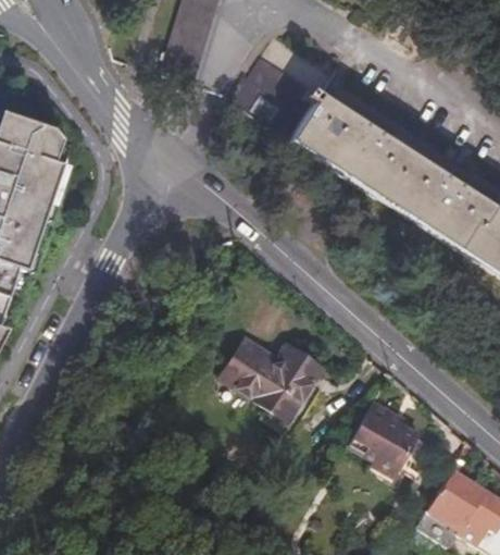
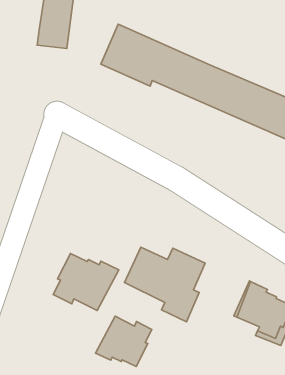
building: none -> [53,253,119,311]
building: none -> [96,316,152,367]

